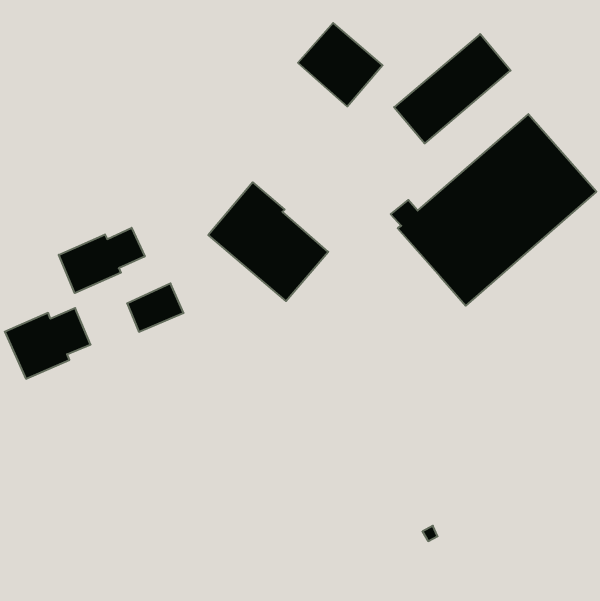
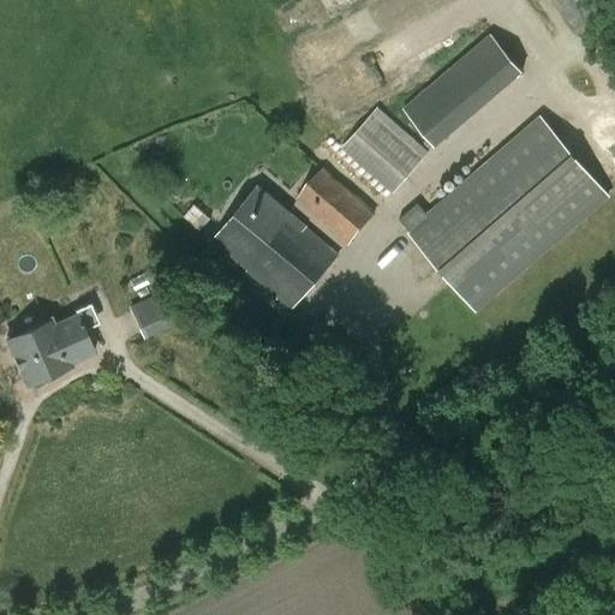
building: [298,23,383,106] -> [341,108,428,193]
building: none -> [297,168,376,244]
building: [59,228,145,293] -> none

